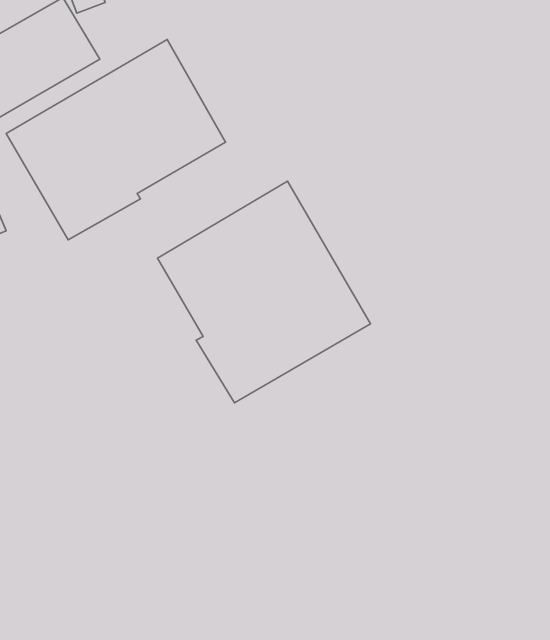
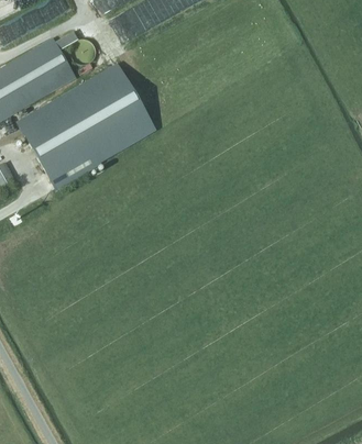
building: [158,181,371,403] -> none

